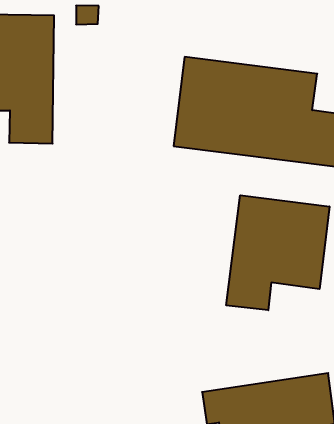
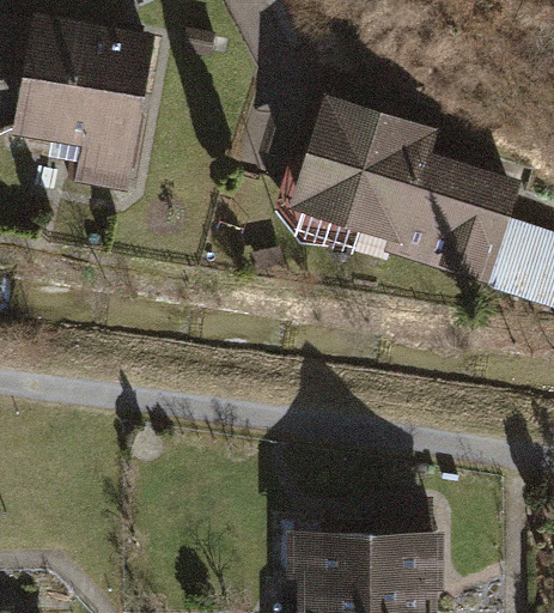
building: [226,195,329,310] -> none

